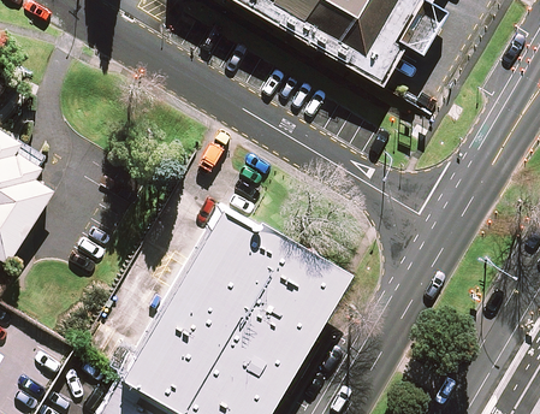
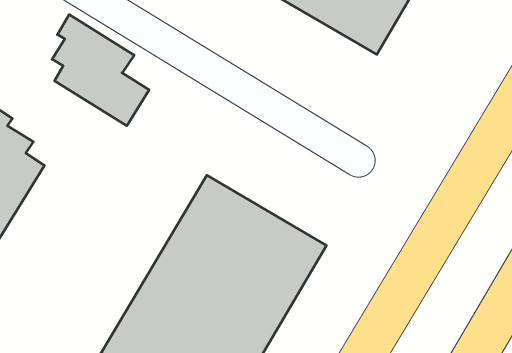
building: none -> [52,15,149,126]

